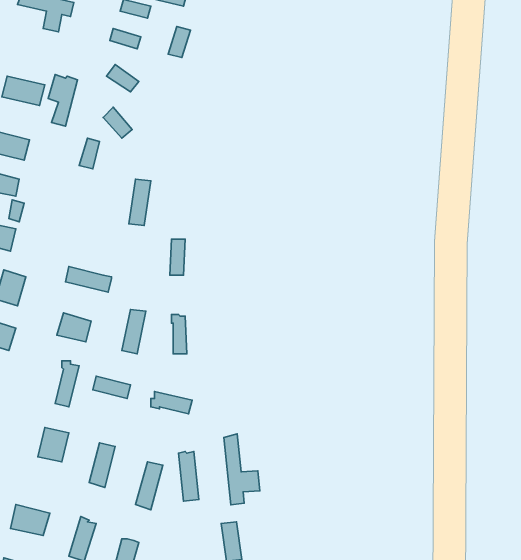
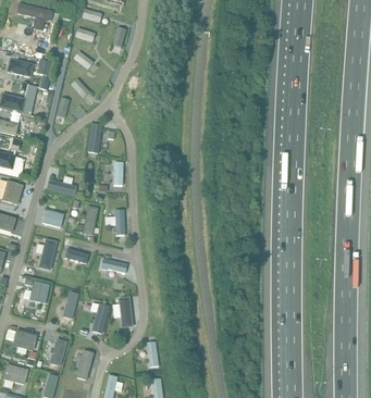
building: [224,434,260,505] -> none

